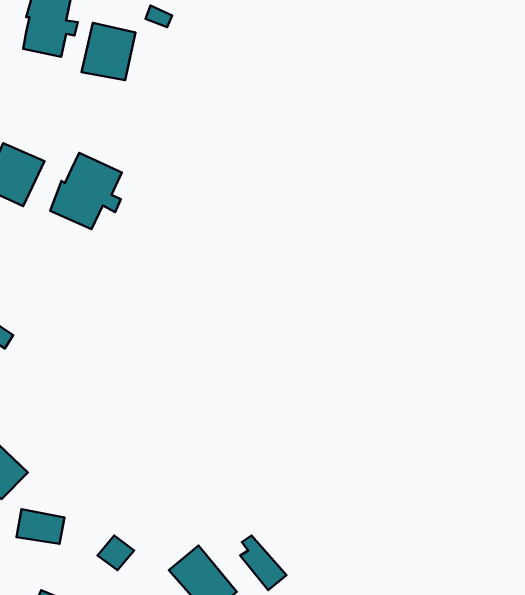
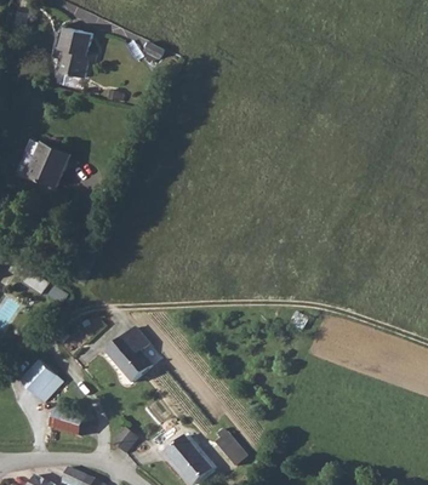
building: [81,23,135,80] -> none
building: [50,153,122,229] -> none
building: none -> [104,326,150,381]

